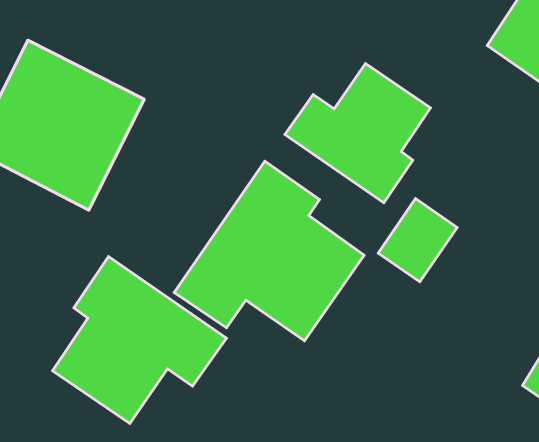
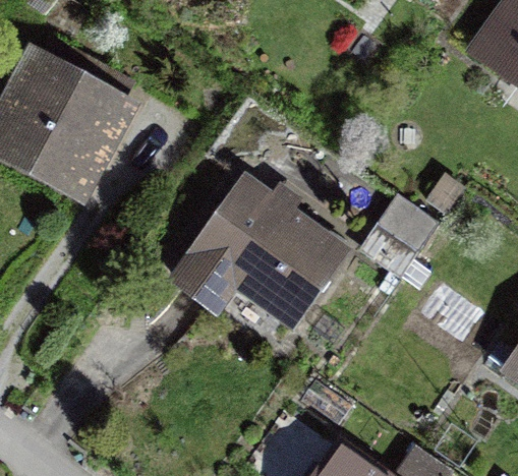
building: [285,63,430,203] -> none
building: [52,256,227,424] -> none

